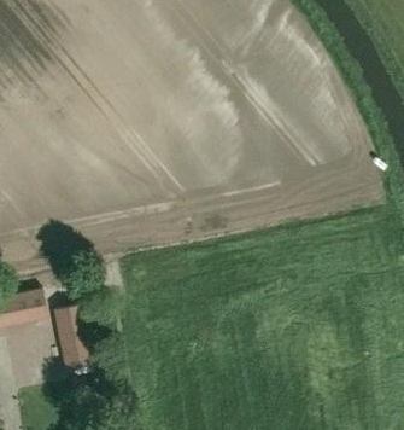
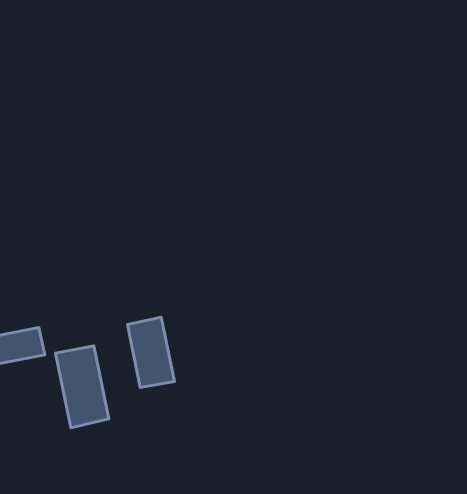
building: none -> [128,317,174,388]

